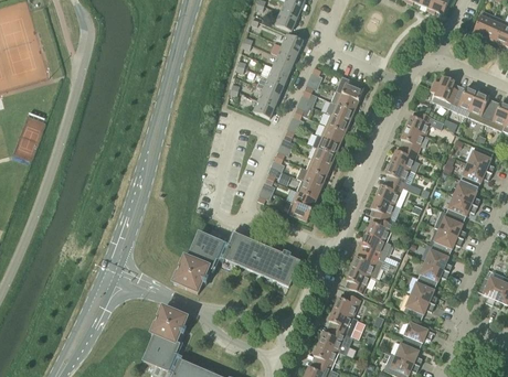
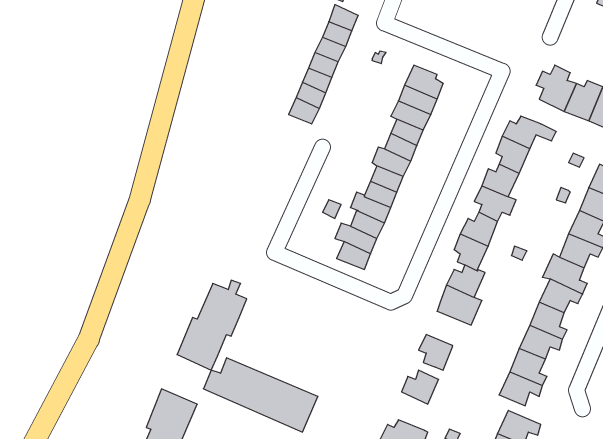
building: [218,233,299,286] -> [203,358,318,432]
building: [351,250,383,278] -> none
building: [328,308,358,335] -> none

